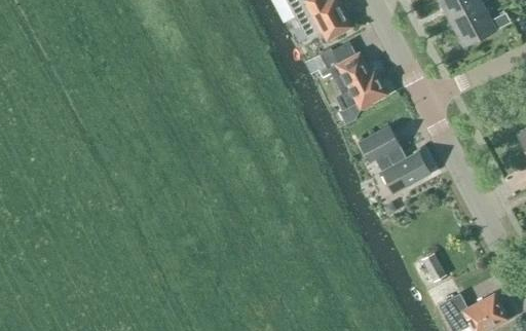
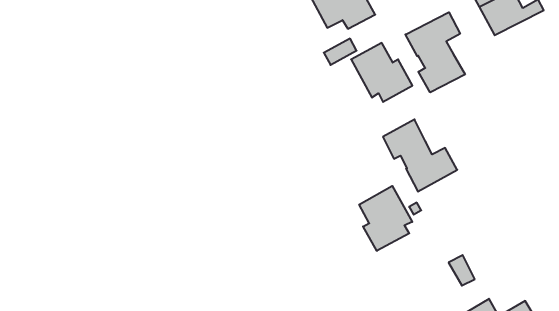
building: none -> [405,12,465,92]
building: none -> [359,186,412,251]

